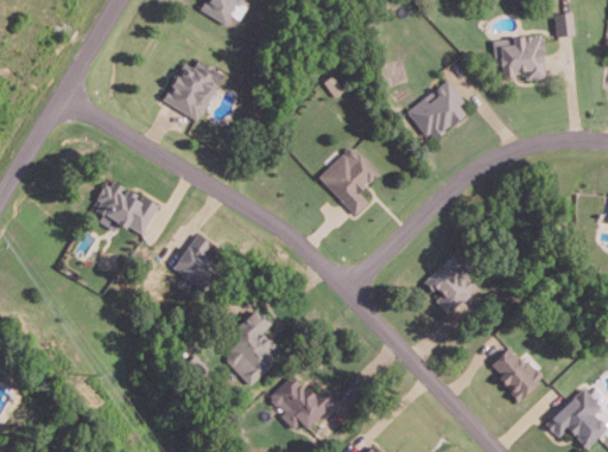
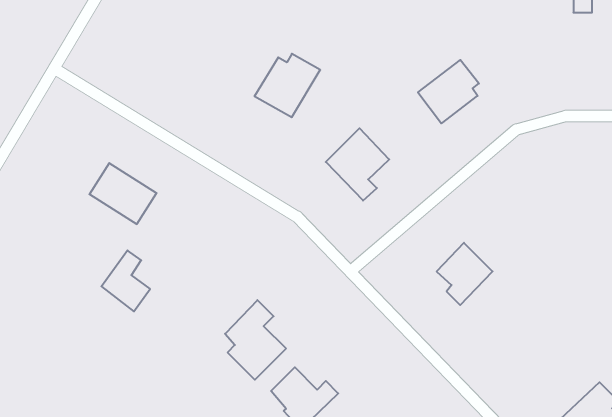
building: [496,37,547,83] -> none
building: [160,53,223,114] -> [254,54,320,117]
building: [172,234,218,292] -> [101,250,150,311]
building: [487,346,540,400] -> none

